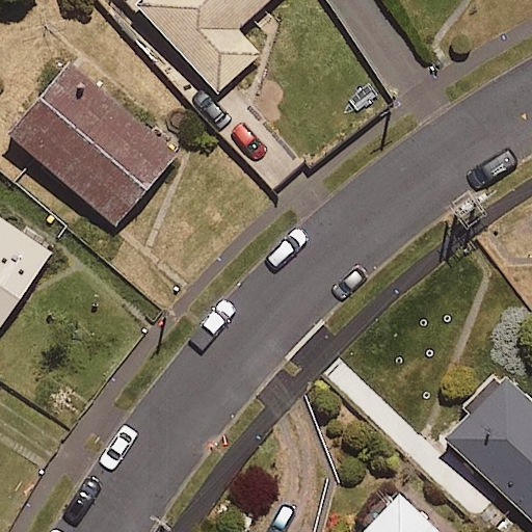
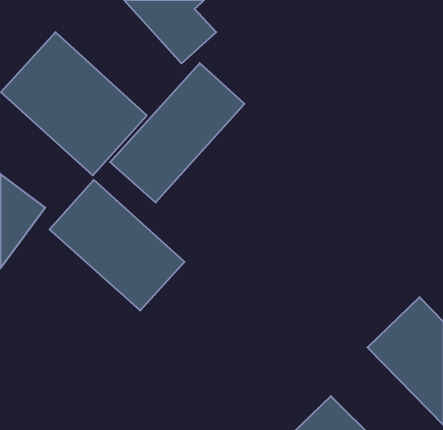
building: none -> [110,63,244,203]
building: none -> [50,180,185,311]

